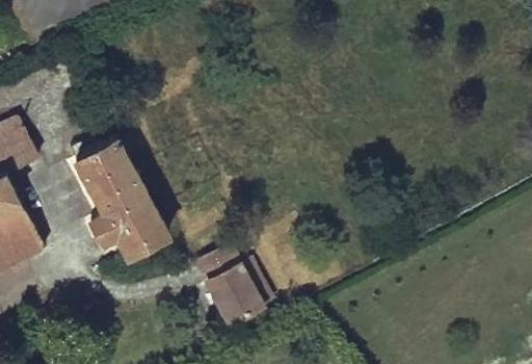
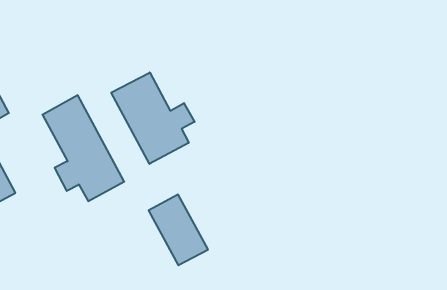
building: none -> [111,72,195,164]

